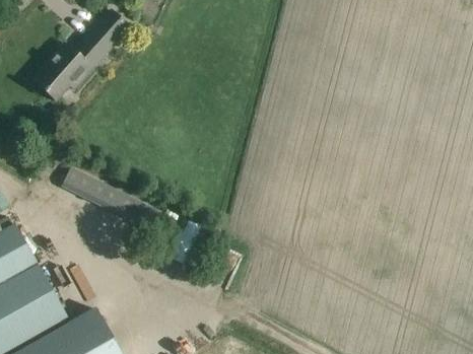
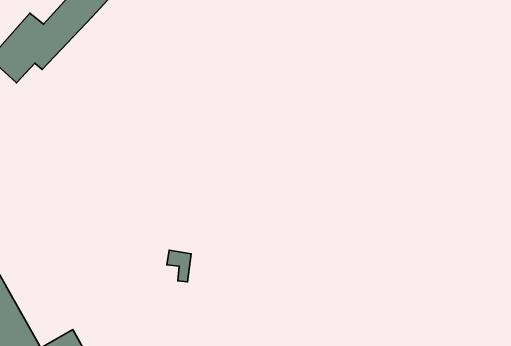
building: [61,168,148,227] -> none

